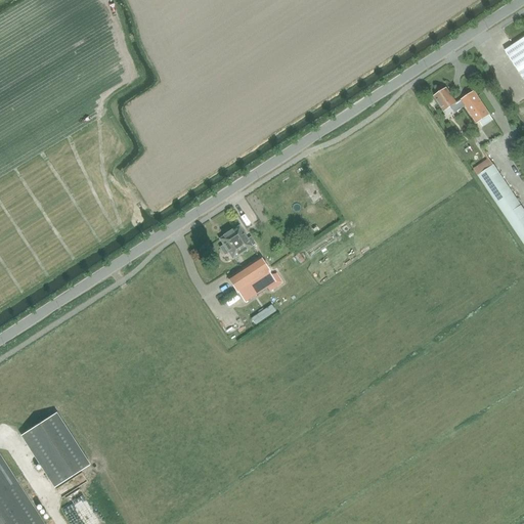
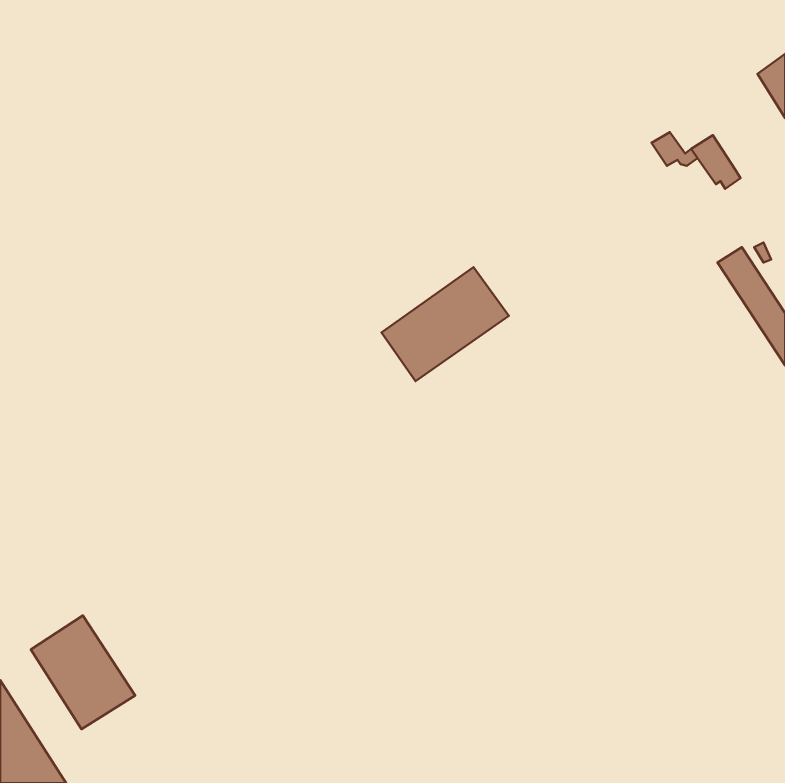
building: none -> [381,267,509,381]
building: [219,225,256,260] -> none
building: [227,257,274,302] -> none

